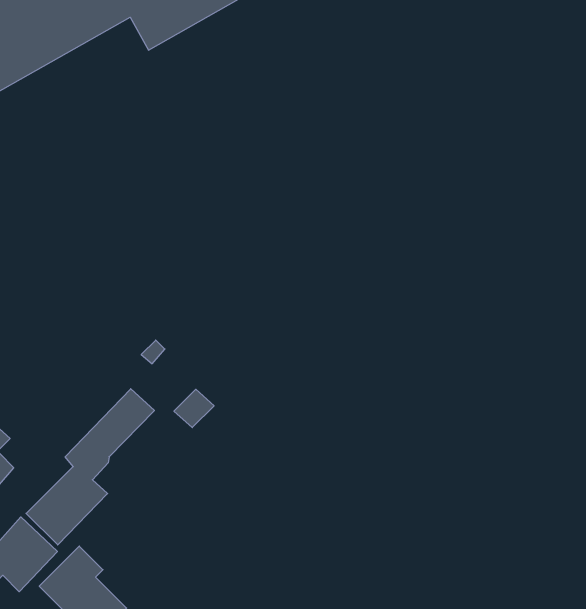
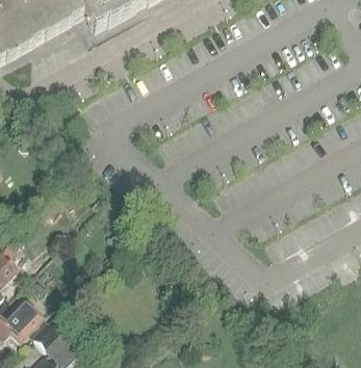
building: [26,389,154,545] -> none

